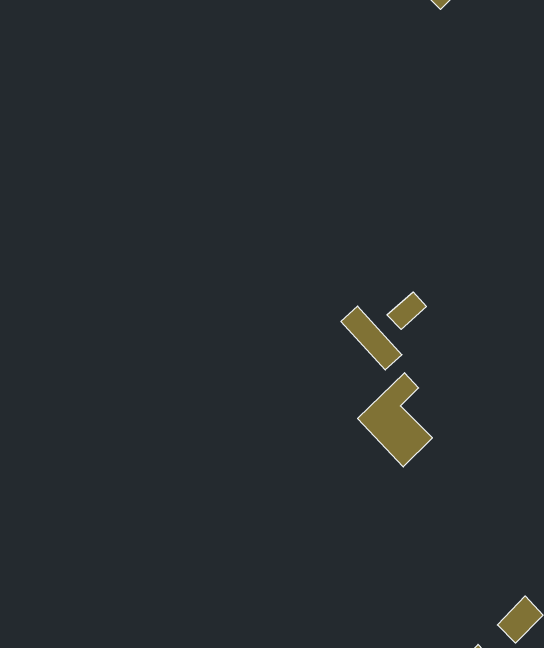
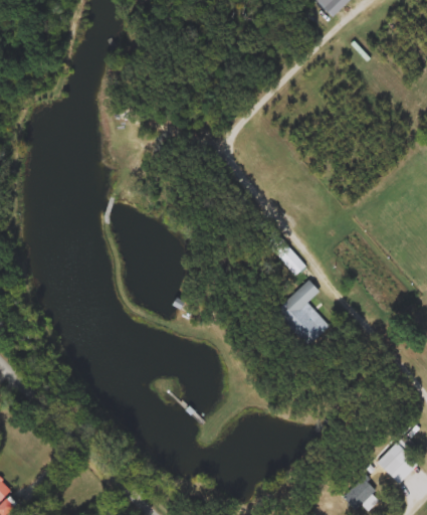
building: [387,292,426,329] -> none

